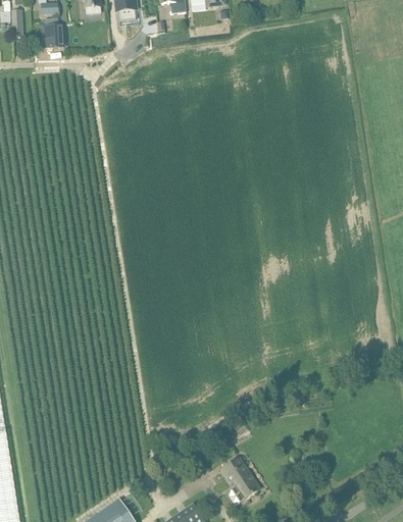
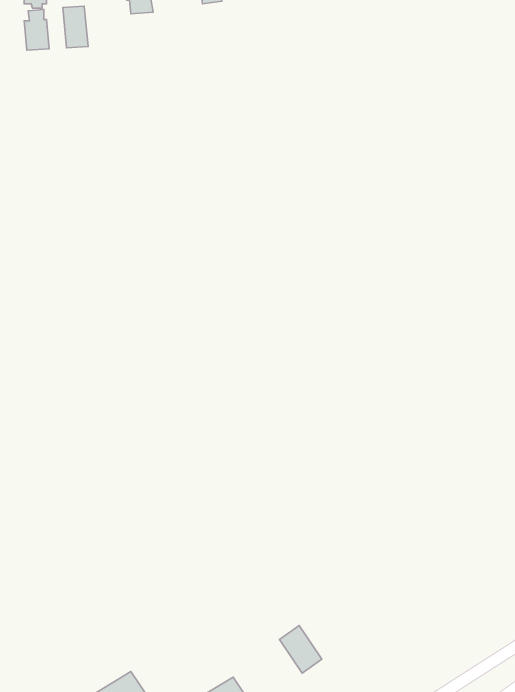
building: none -> [63,6,88,48]

